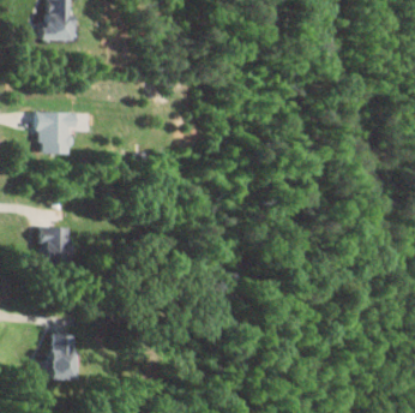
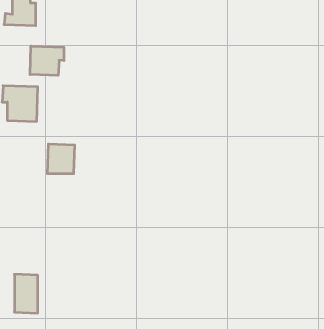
building: none -> [30,46,64,75]
building: [37,226,70,261] -> [47,144,75,174]

